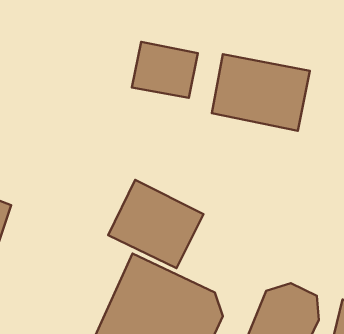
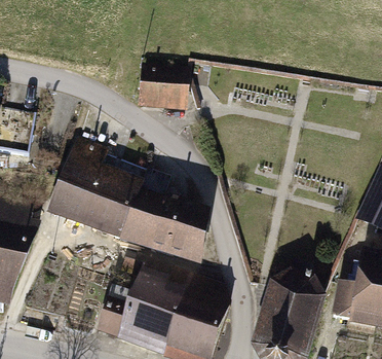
building: [212,54,310,131] -> none
building: none -> [49,139,142,241]

